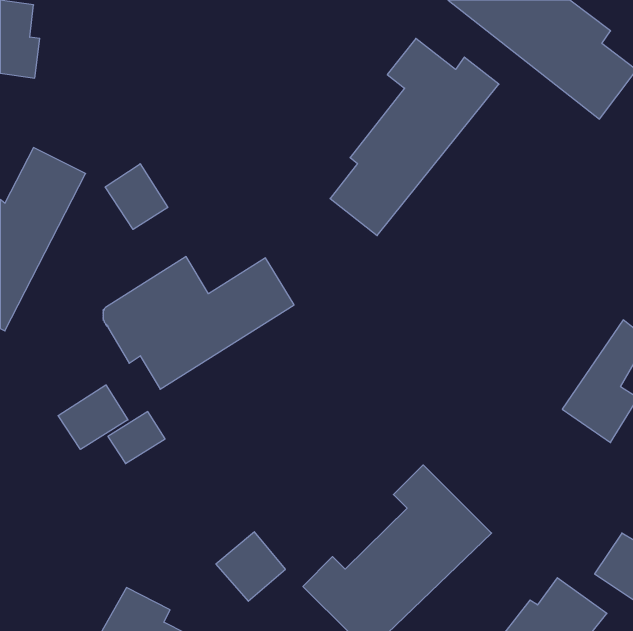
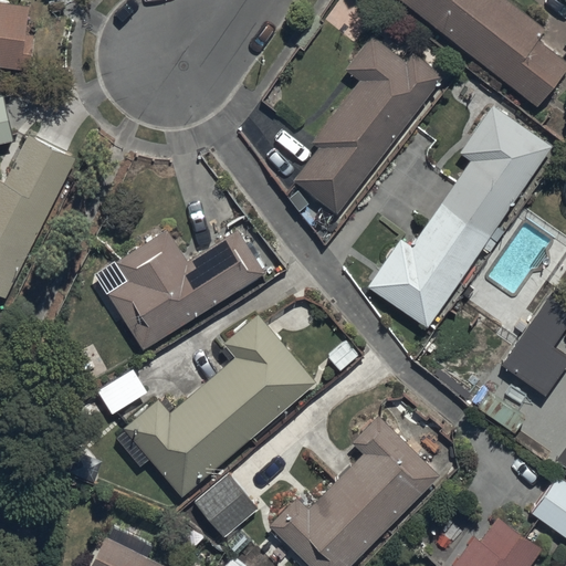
building: none -> [368,107,552,327]
building: [105,164,168,229] -> none
building: none -> [115,315,315,495]
building: [58,385,128,449] -> none

